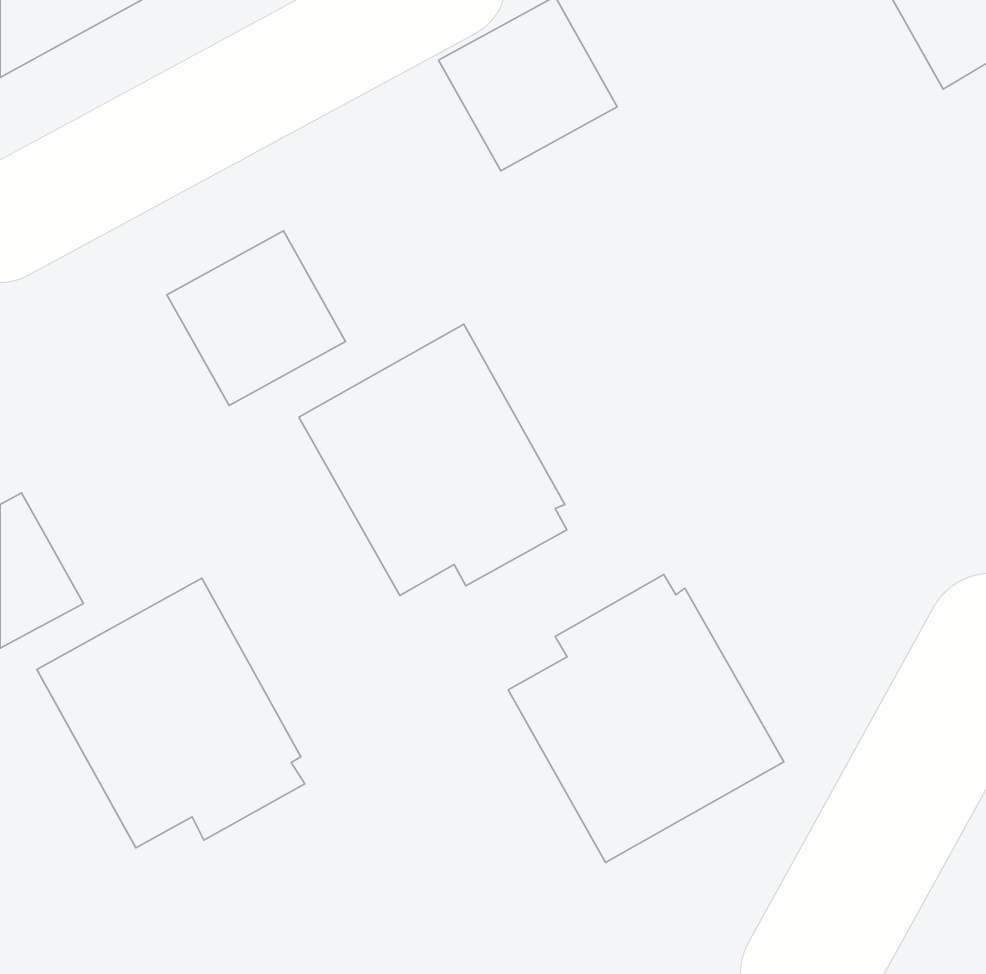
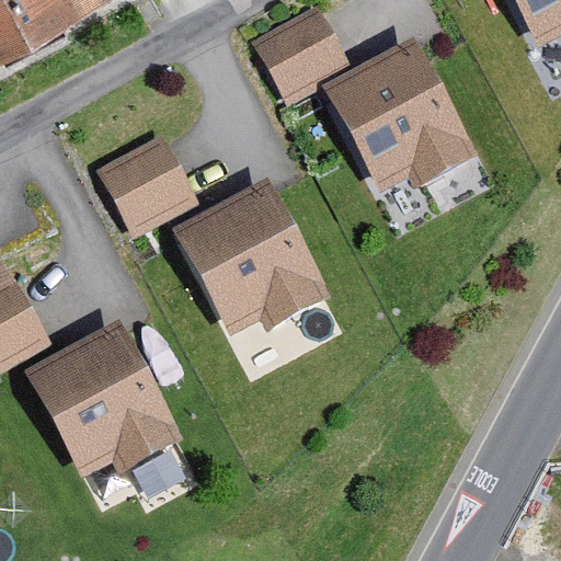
building: none -> [320,39,471,192]
building: [508,575,784,863] -> none

